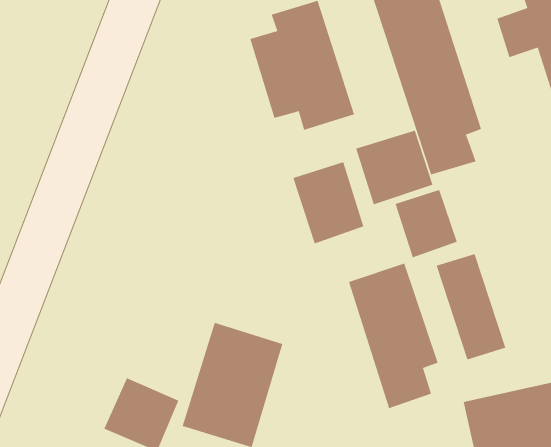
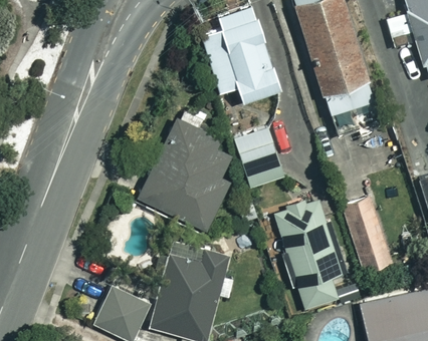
building: [356,130,433,205] -> none
building: none -> [140,115,234,231]
building: [395,189,457,258] -> none

